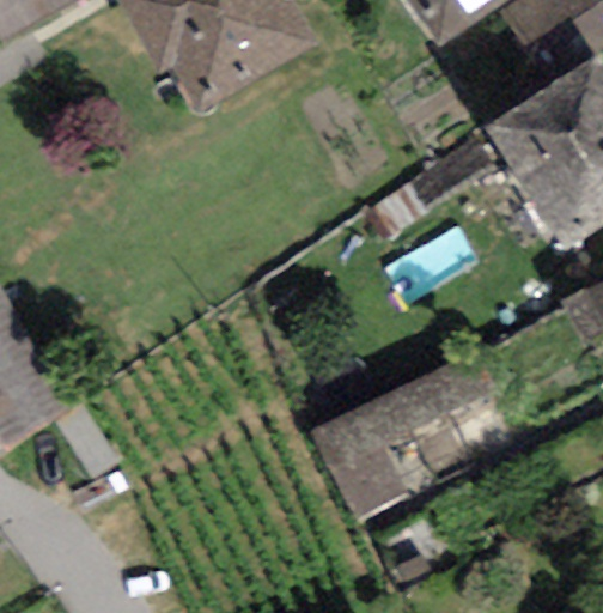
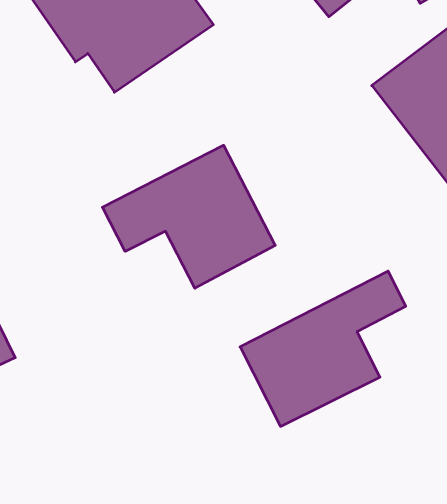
building: none -> [102,145,275,288]

